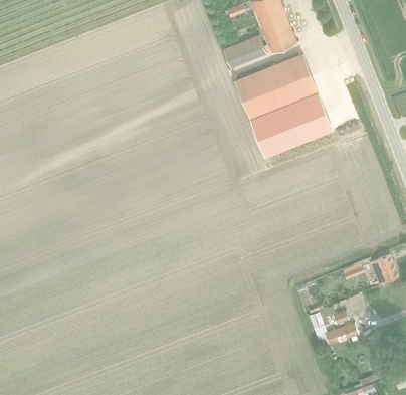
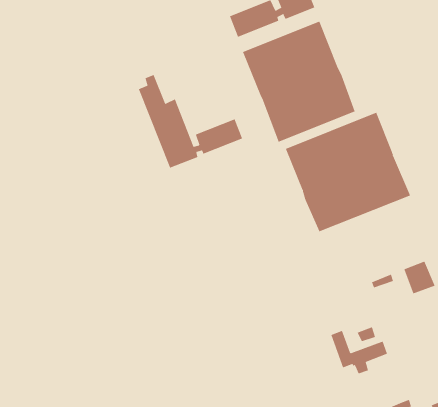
building: none -> [138,74,243,169]
building: none -> [285,112,411,232]

